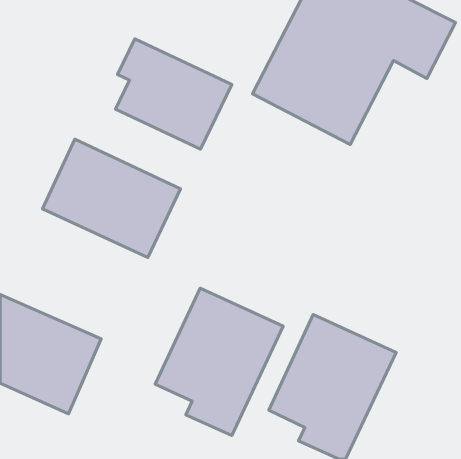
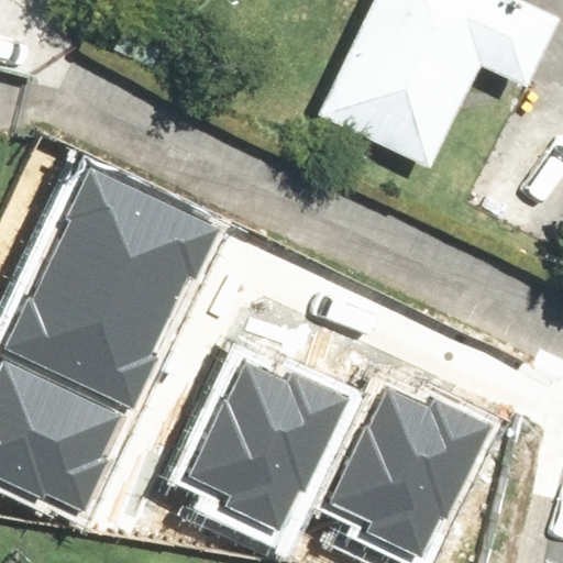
building: [116,39,232,149] -> none
building: none -> [10,254,180,402]

